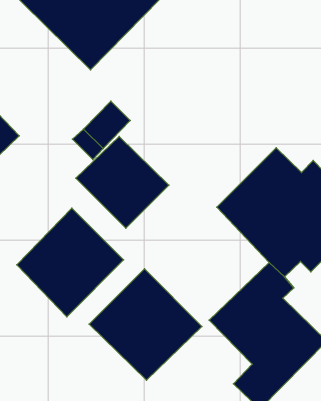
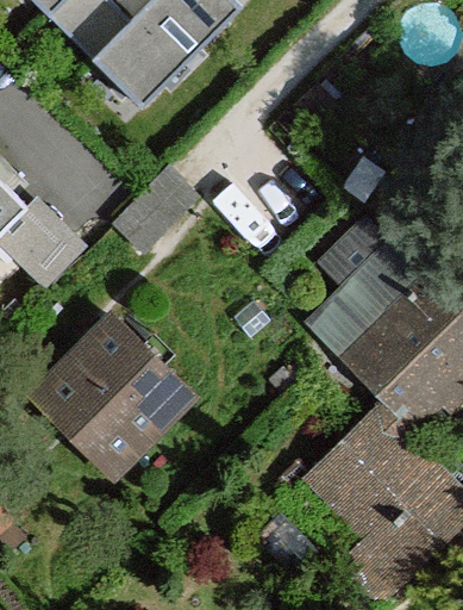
building: [76,137,169,228] -> none
building: [89,269,202,380] -> none

